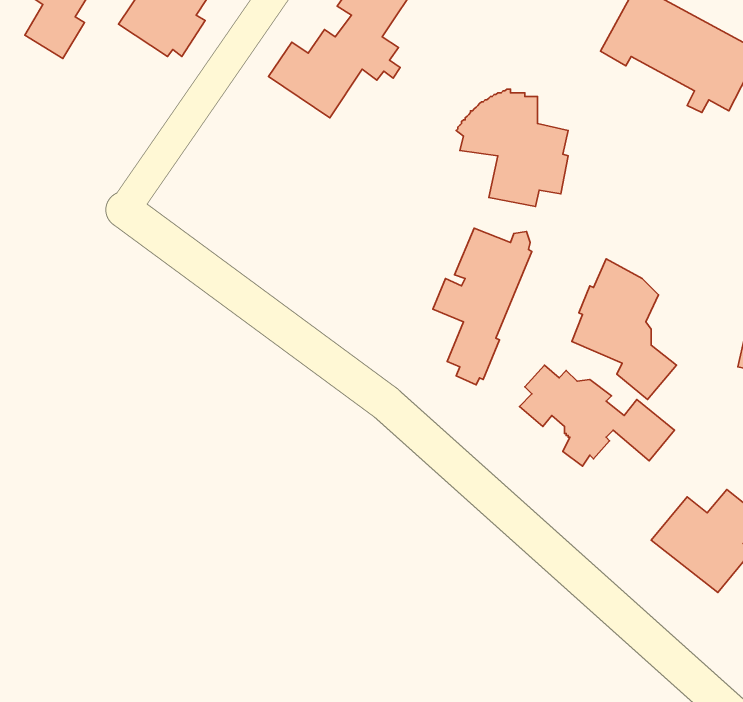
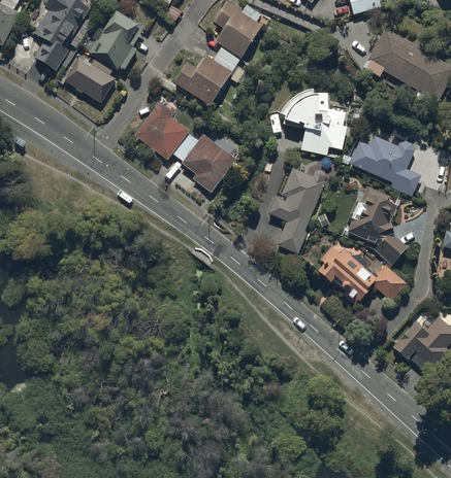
building: none -> [64,54,117,103]
building: none -> [135,99,236,193]
building: none -> [340,135,421,197]

